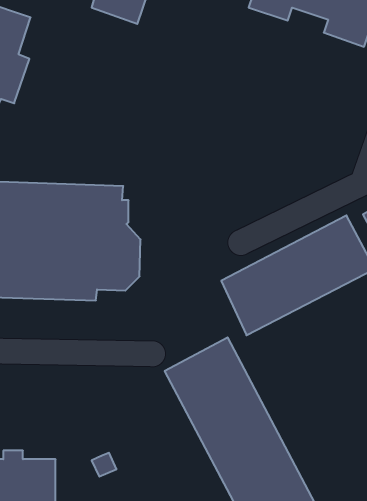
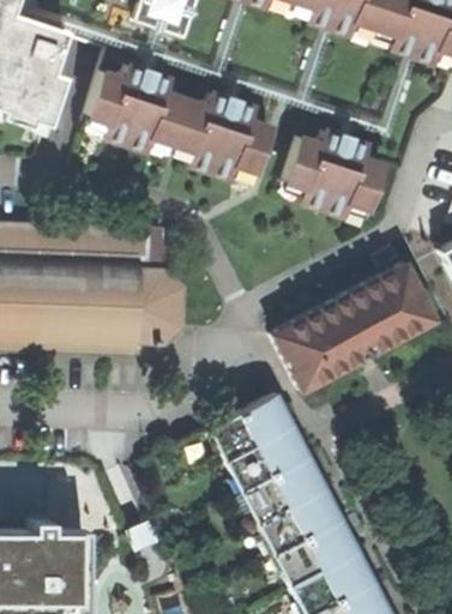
building: none -> [86,72,271,186]
building: none -> [282,138,382,223]

